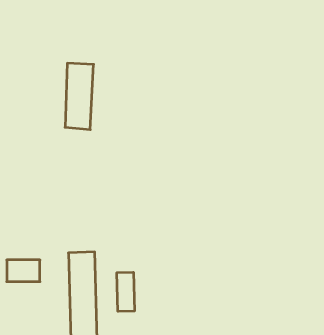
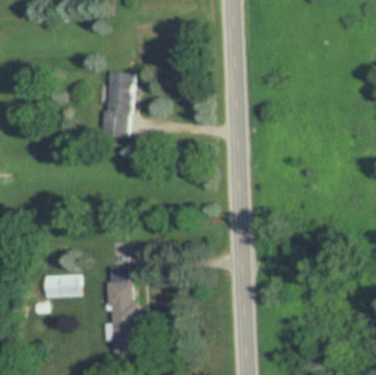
building: [117,272,134,311] -> none

